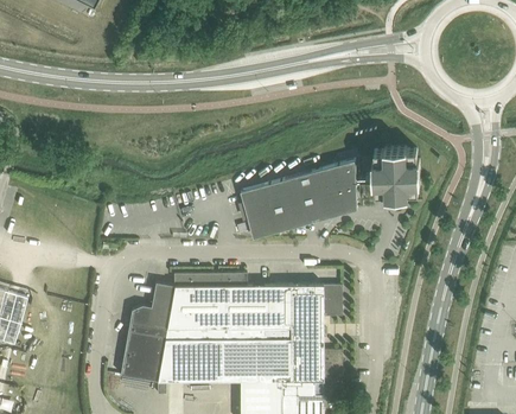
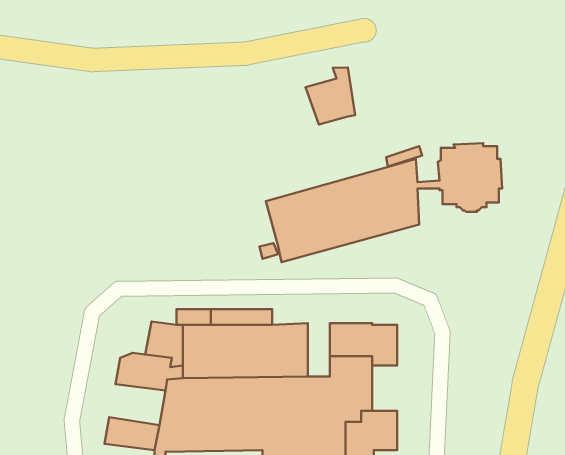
building: none -> [306,67,355,125]
building: [273,285,289,325] -> none
building: [122,331,165,362] -> none

